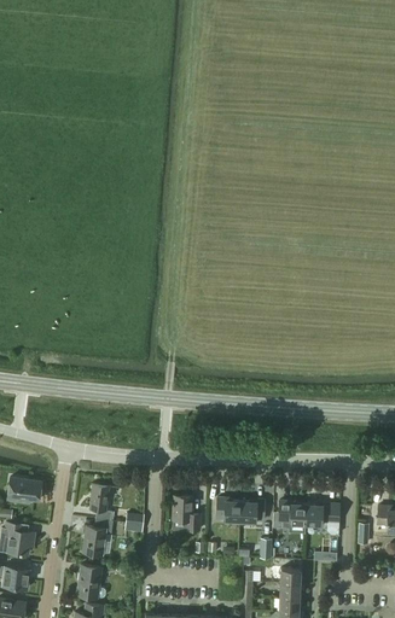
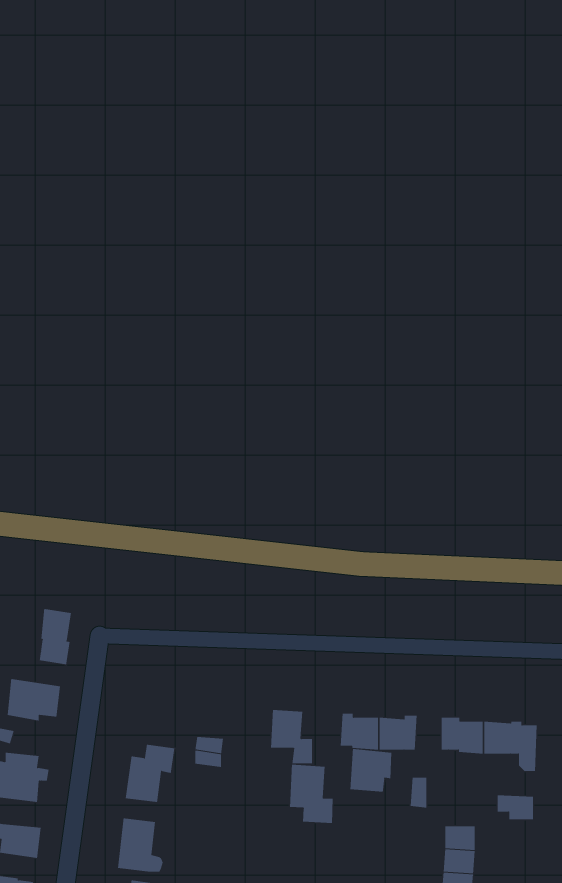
building: none -> [39,608,71,665]
building: [88,485,115,521] -> none
building: none -> [350,748,392,792]
building: none -> [289,764,333,824]

